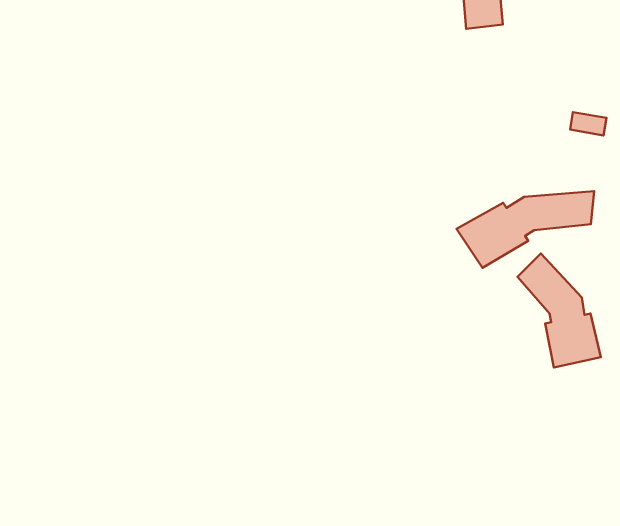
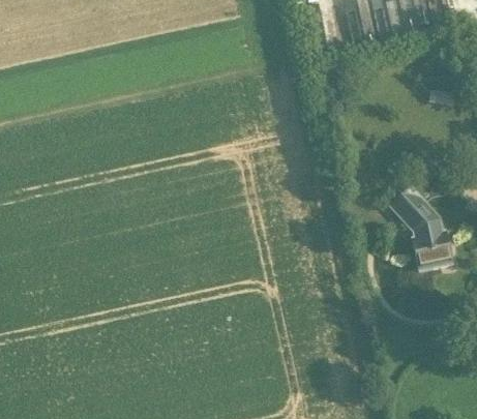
building: [457,191,594,268] -> none

